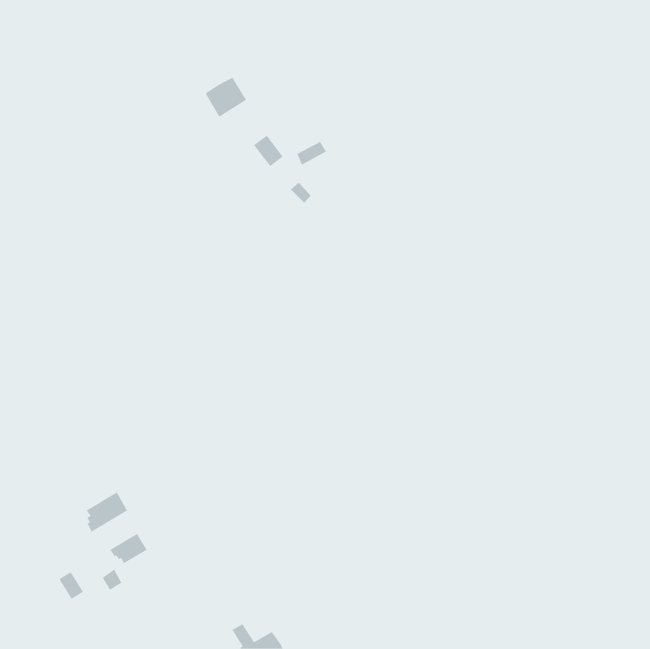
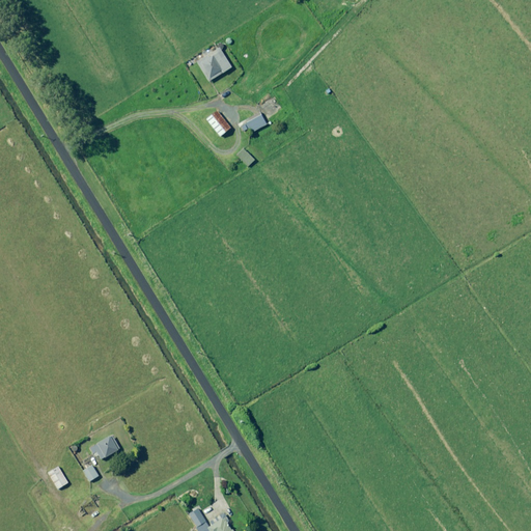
building: [205,77,247,118] -> [197,48,231,81]
building: [86,492,128,532] -> none

